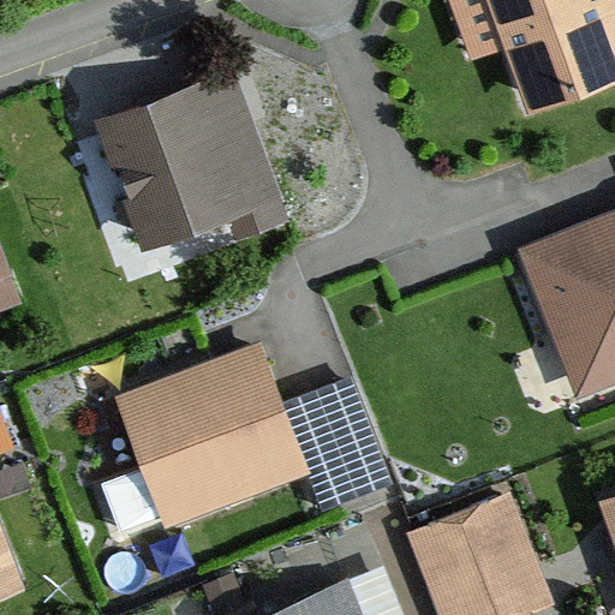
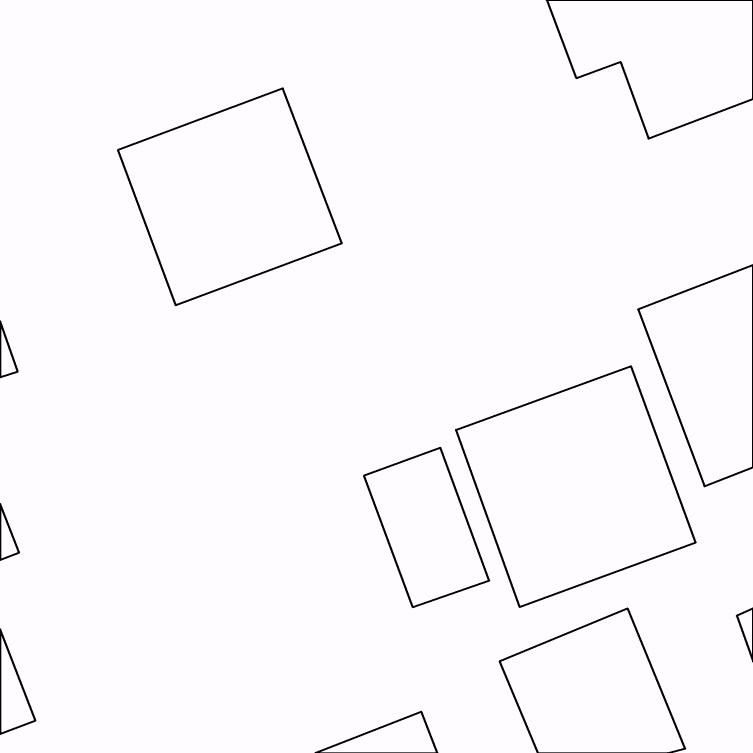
building: none -> [456,366,696,607]
building: [118,348,306,527] -> none

